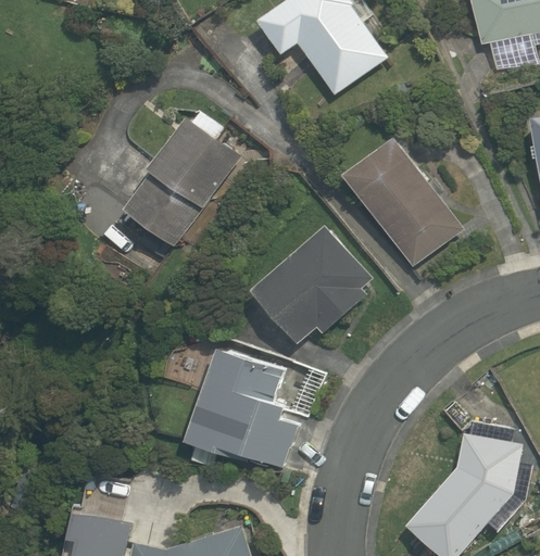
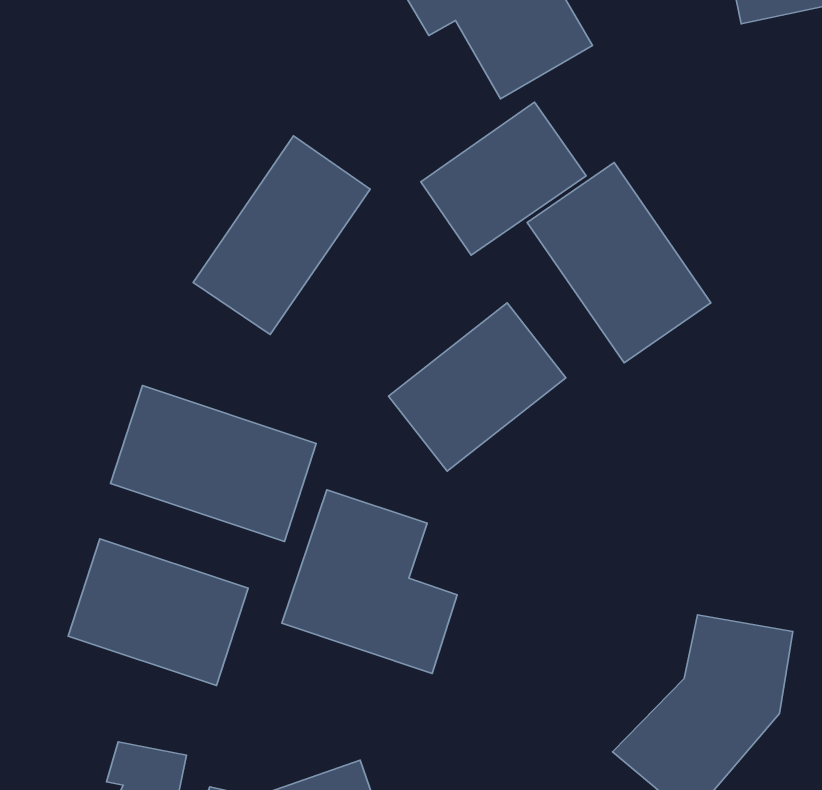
building: none -> [421,102,586,255]
building: none -> [111,386,316,541]
building: none -> [68,539,248,686]

